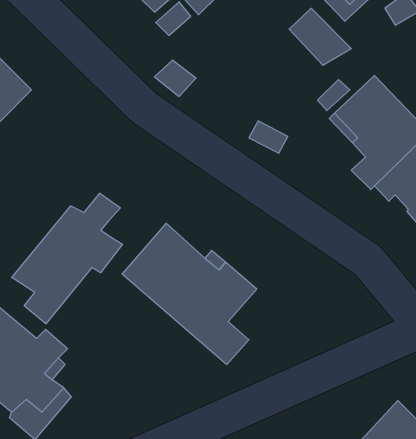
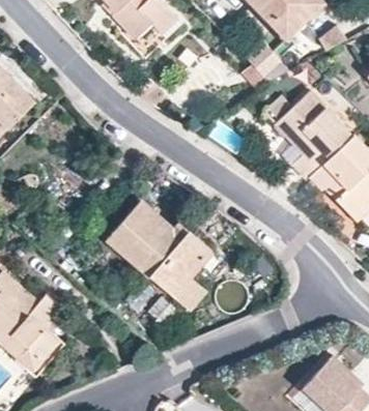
building: [12,193,123,324] -> none

